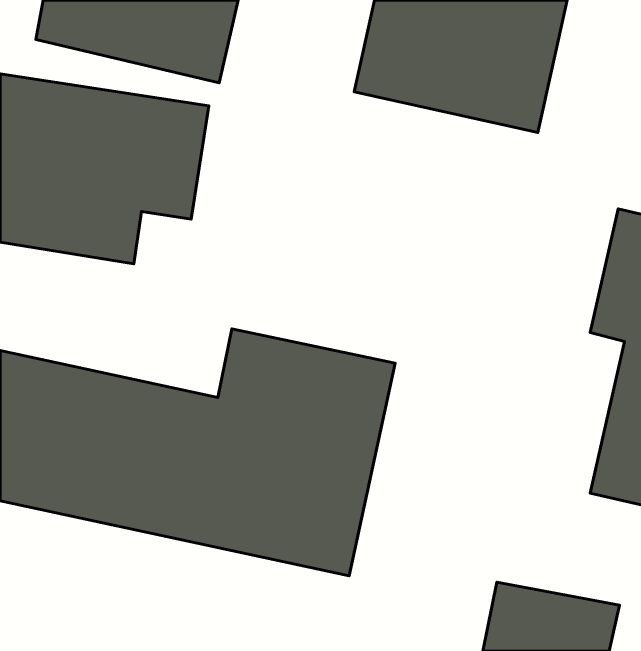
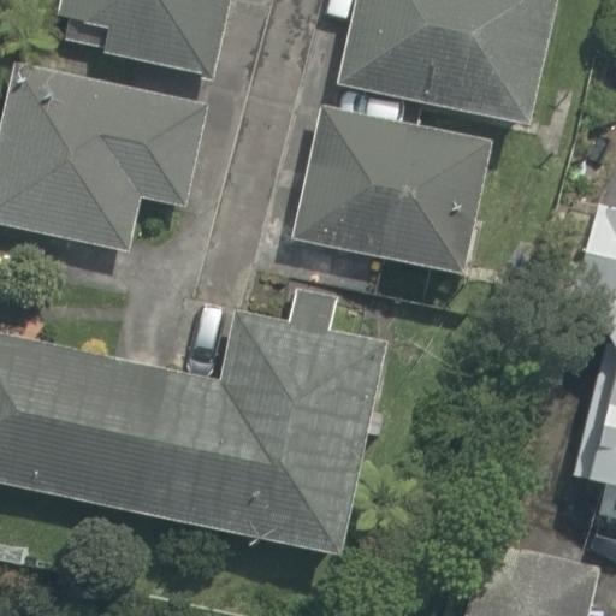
building: none -> [292,102,491,276]

